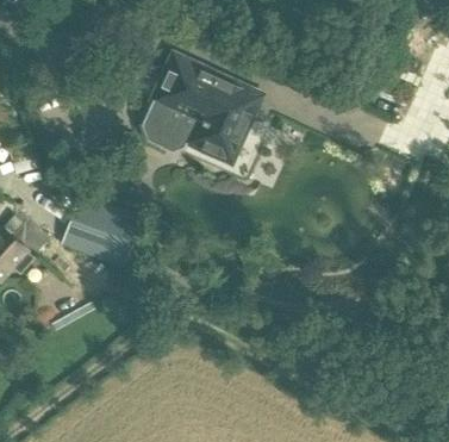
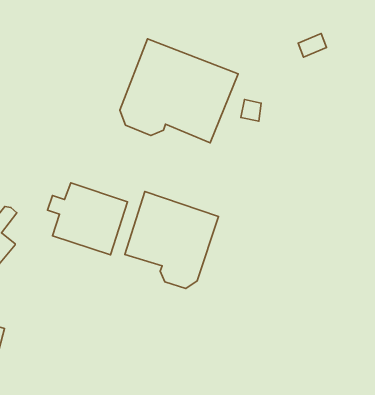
building: none -> [125,192,219,288]

